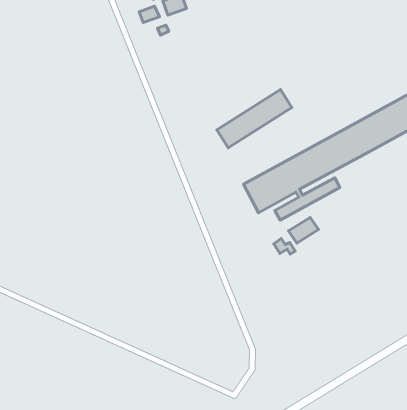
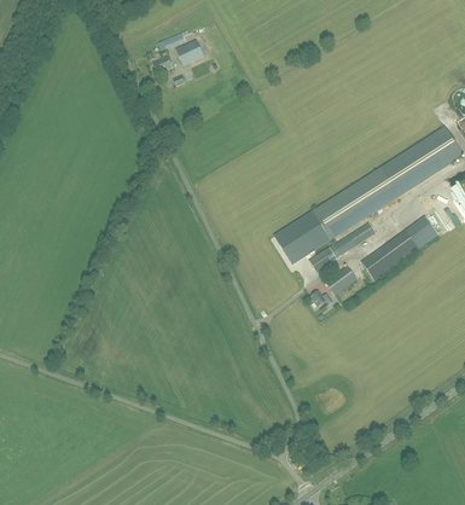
building: [217,89,292,148] -> [361,215,438,280]

